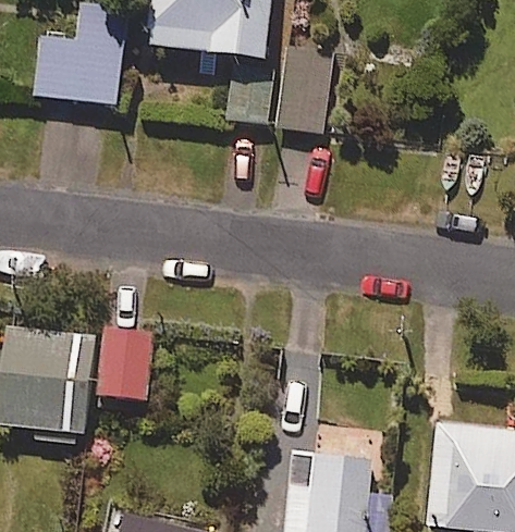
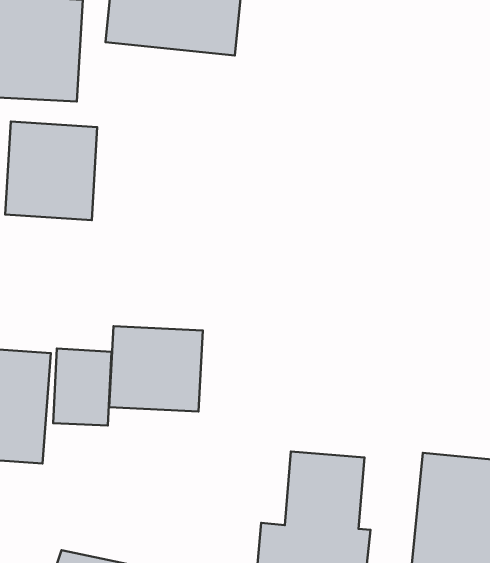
building: [277,47,331,133] -> none
building: none -> [5,122,97,220]
building: none -> [109,326,203,411]

